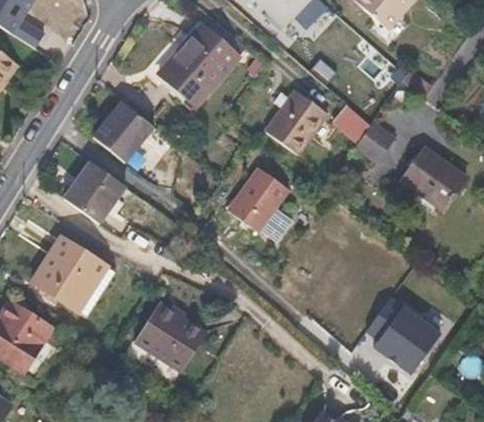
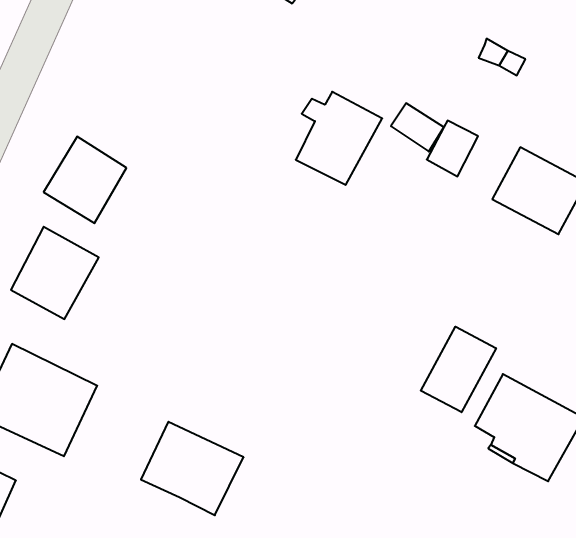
building: [162,25,240,105] -> none
building: [227,168,288,233] -> none
building: none -> [421,327,496,412]

